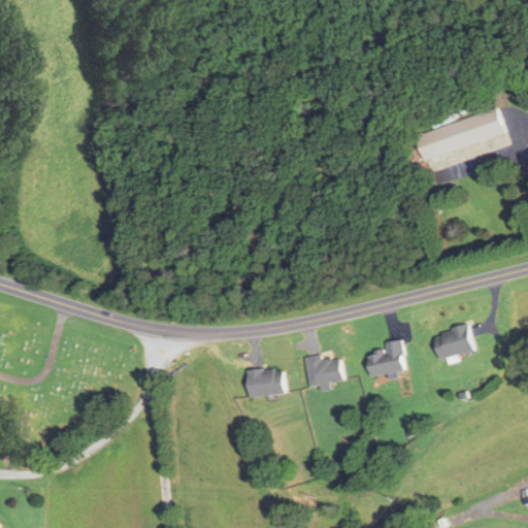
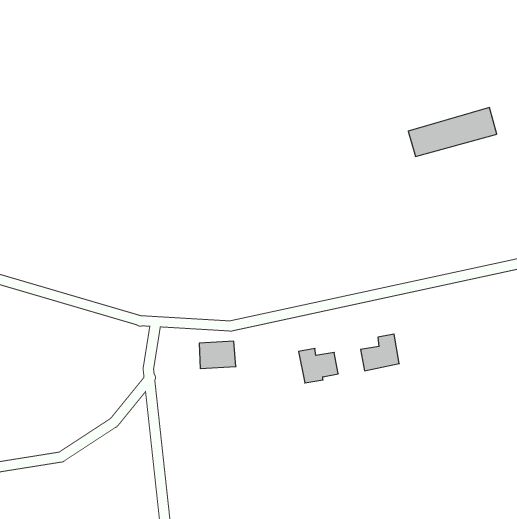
building: [433,326,473,359] -> none
building: [246,368,284,396] -> [199,341,236,369]

